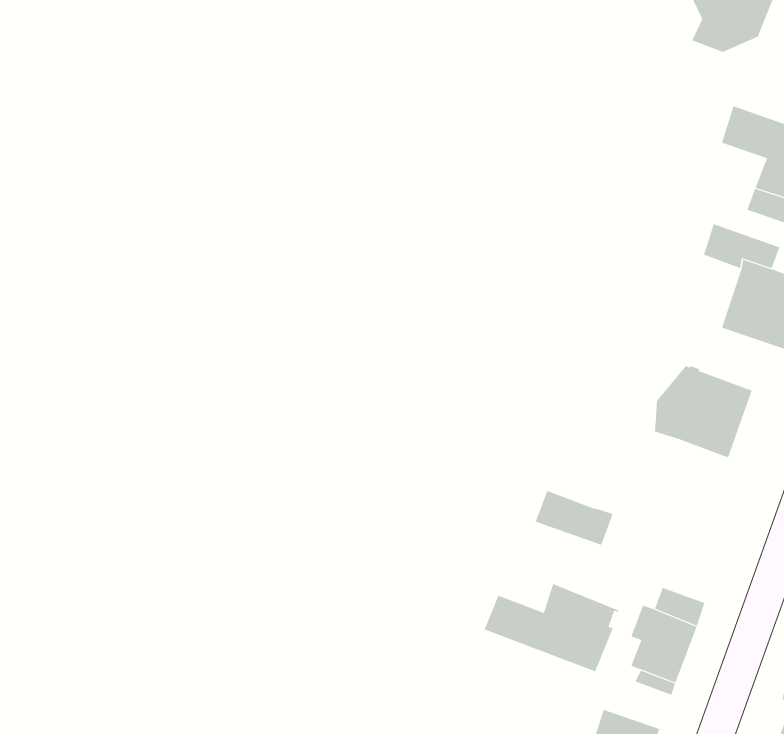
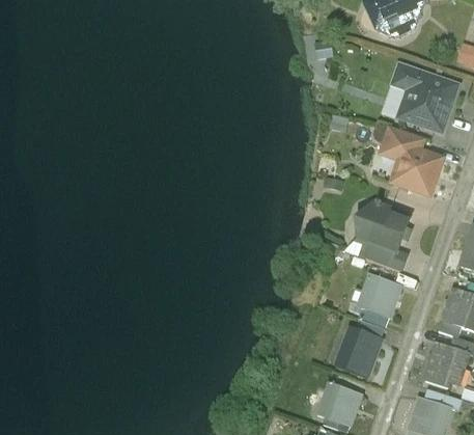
building: [535,490,614,545] -> [364,242,406,271]
building: none -> [364,276,399,317]
building: [484,583,619,672] -> none

